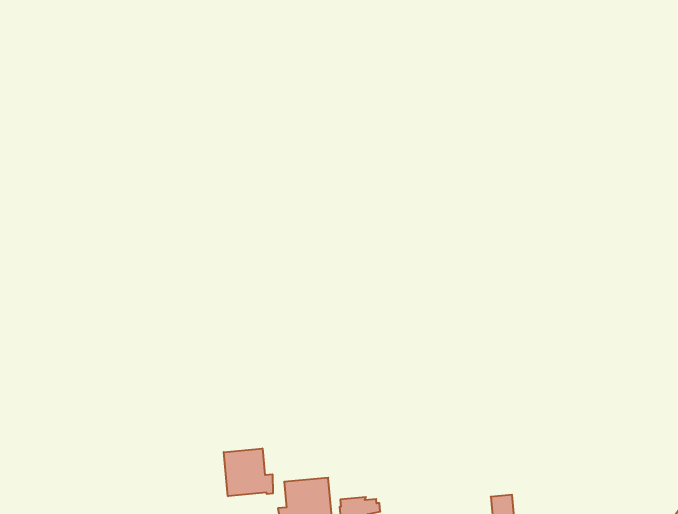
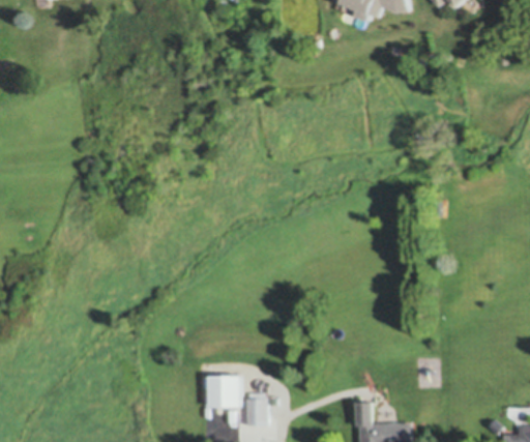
building: [224,448,273,496] -> none

